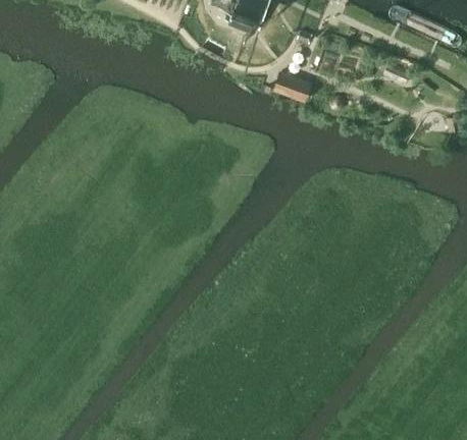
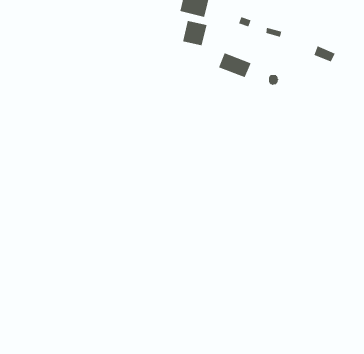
building: none -> [183,20,207,46]

